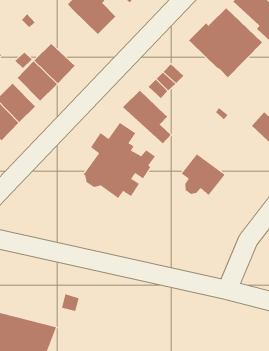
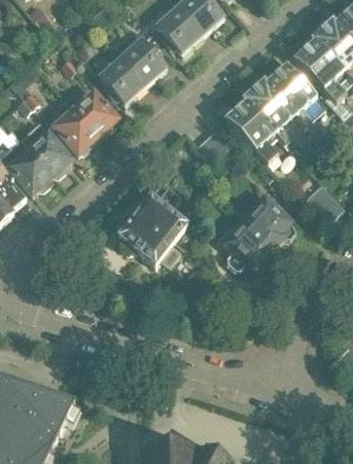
building: none -> [98,57,144,104]
building: [122,90,172,144] -> [224,102,276,163]
building: none -> [242,198,293,248]

